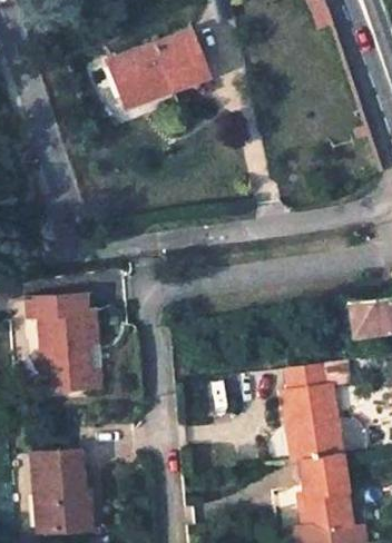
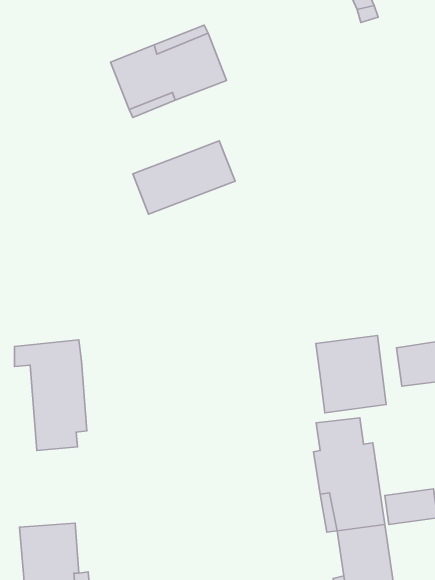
building: none -> [133,141,235,214]
building: none -> [316,335,386,413]
building: [79,314,102,387] -> none

